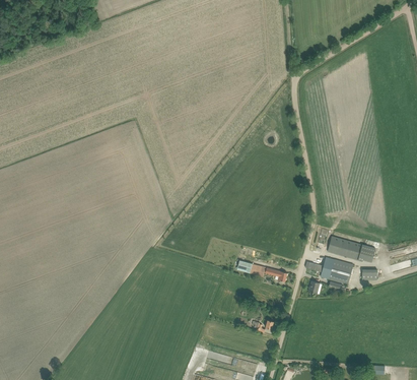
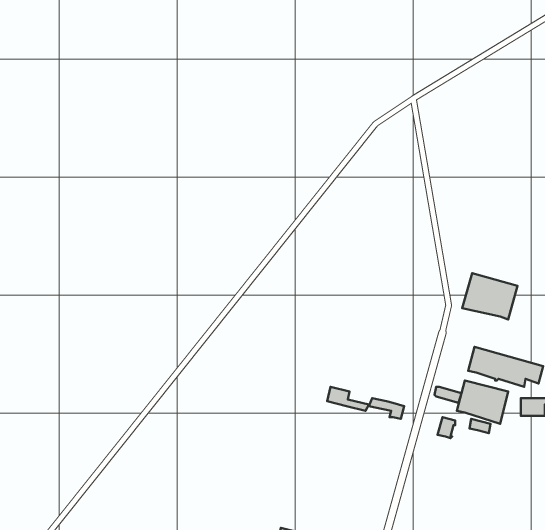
building: none -> [462,273,517,319]

